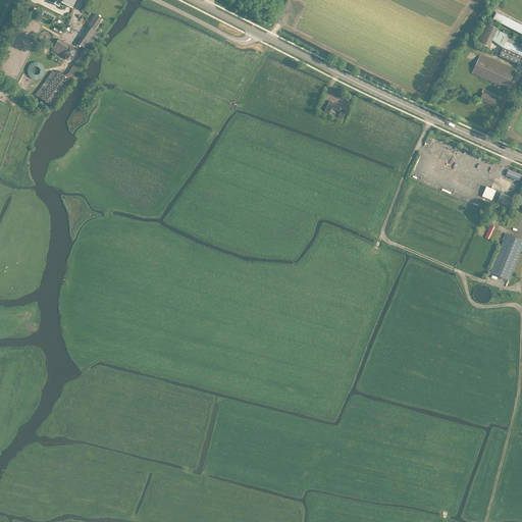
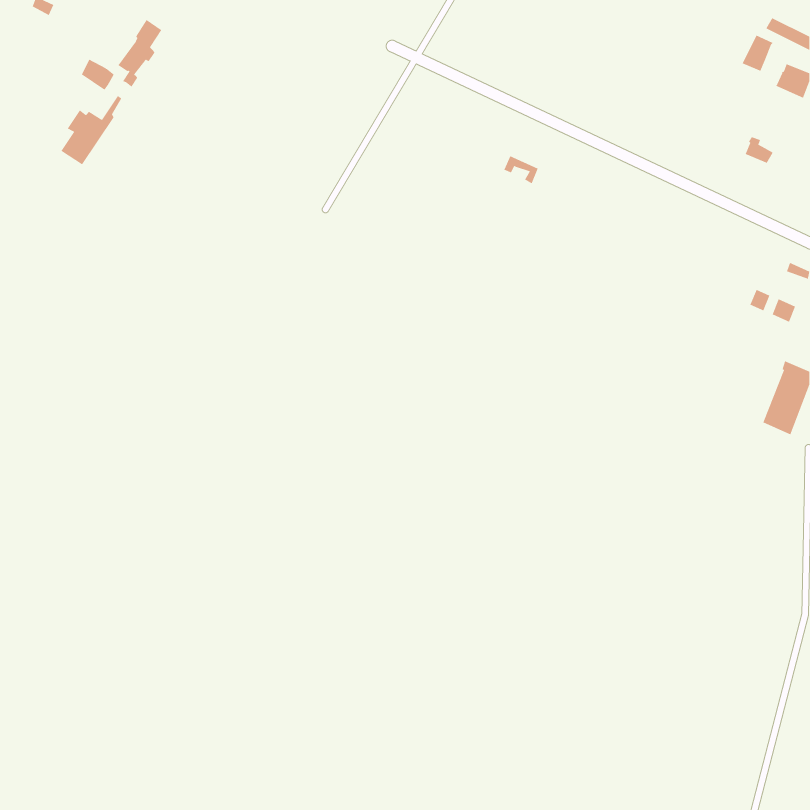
building: [471,54,514,88] -> none

